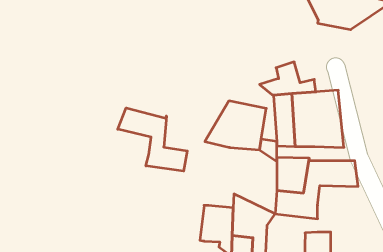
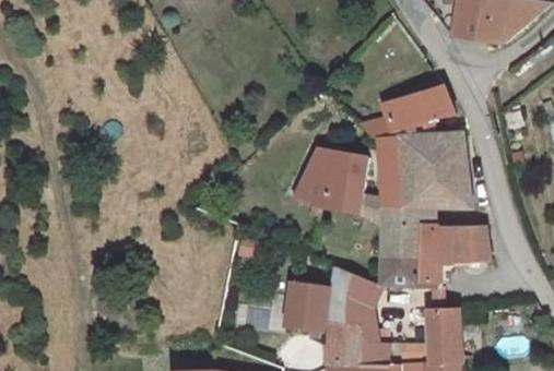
building: none -> [411,81,461,119]
building: [118,108,187,171] -> none

